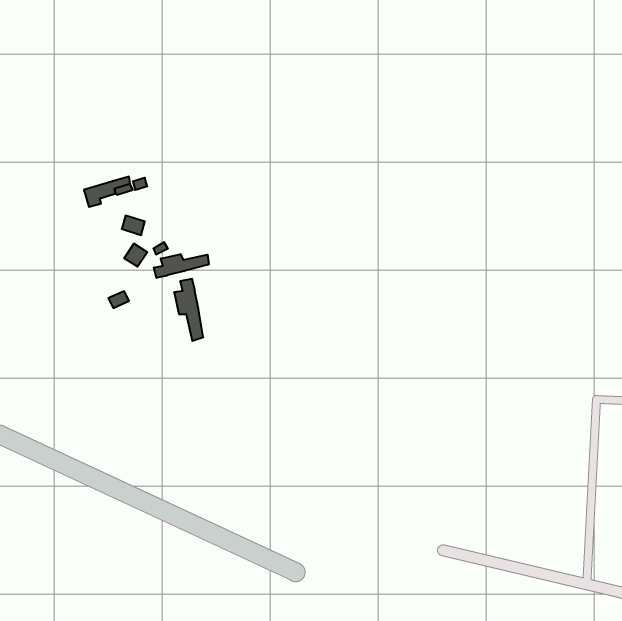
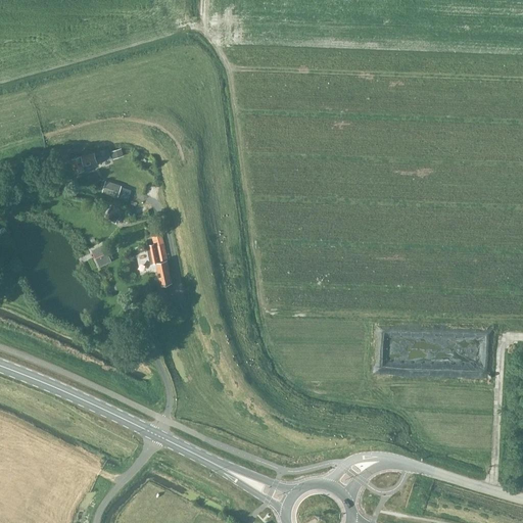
building: [154,254,209,278] -> none

